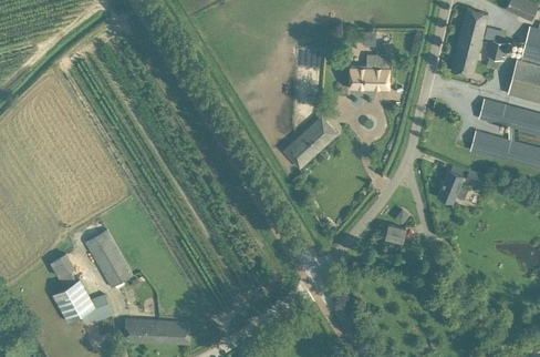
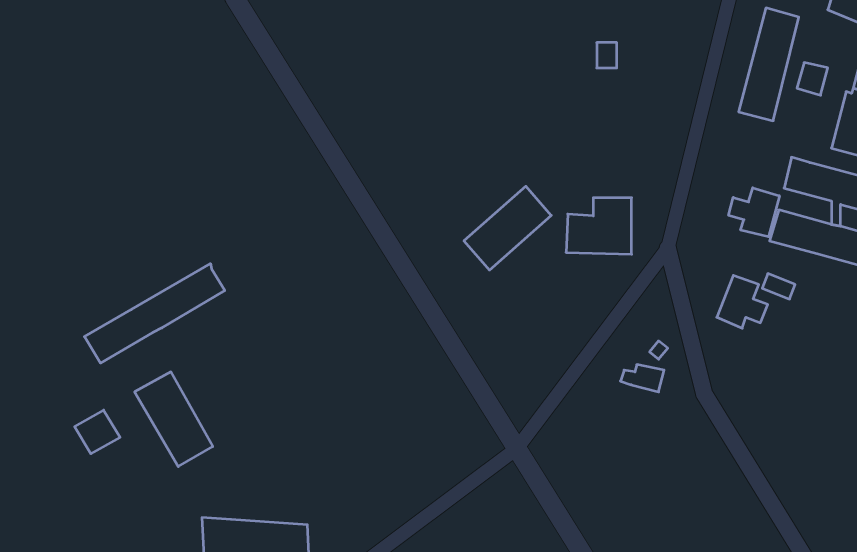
building: [350,55,390,90] -> [566,198,632,254]
building: none -> [729,188,779,237]
building: none -> [84,264,225,363]
building: [52,279,112,324] -> none

